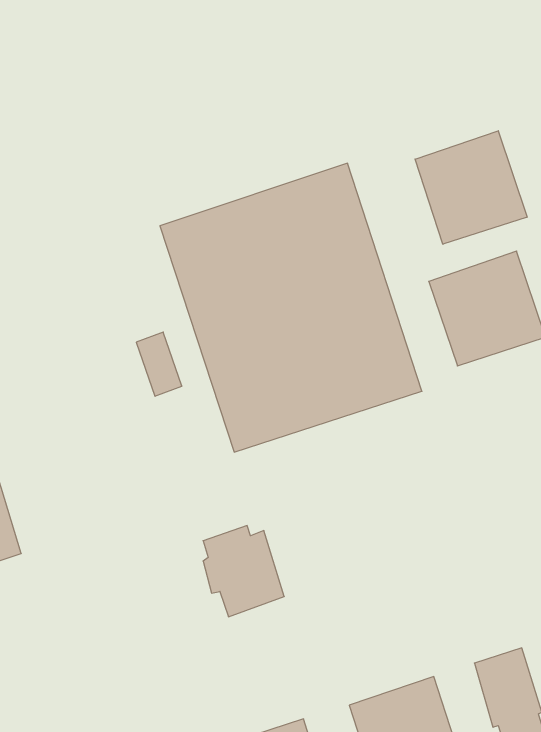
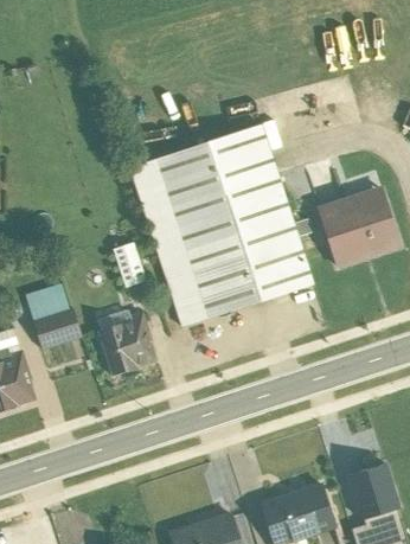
building: [415,131,527,244] -> none
building: none -> [25,283,82,351]
building: [203,526,284,617] -> [96,309,153,373]

